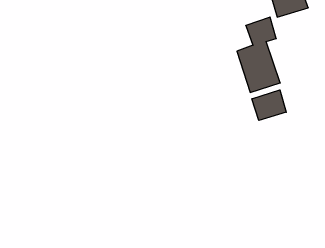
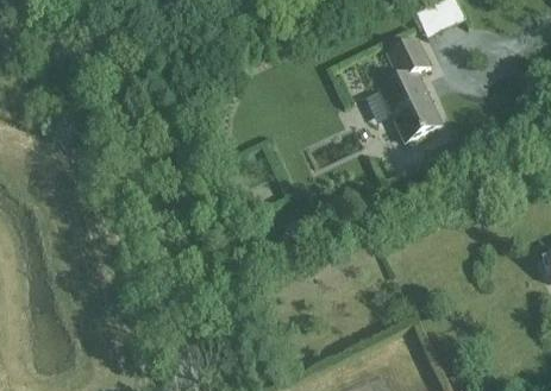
building: [252,90,286,120] -> none

